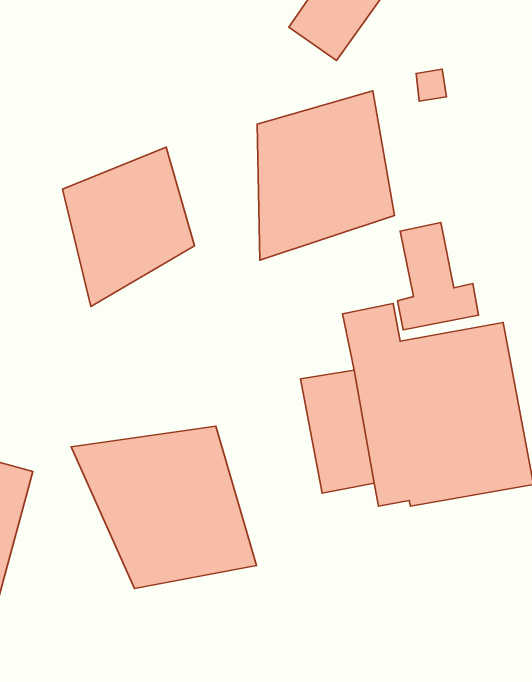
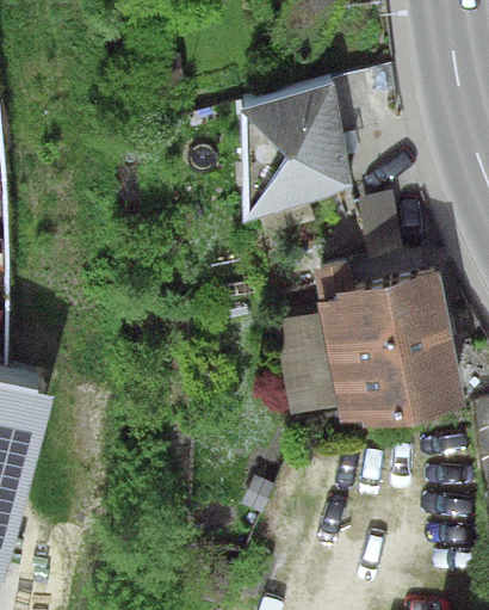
building: [63,147,194,306] -> none
building: [71,426,256,588] -> none

